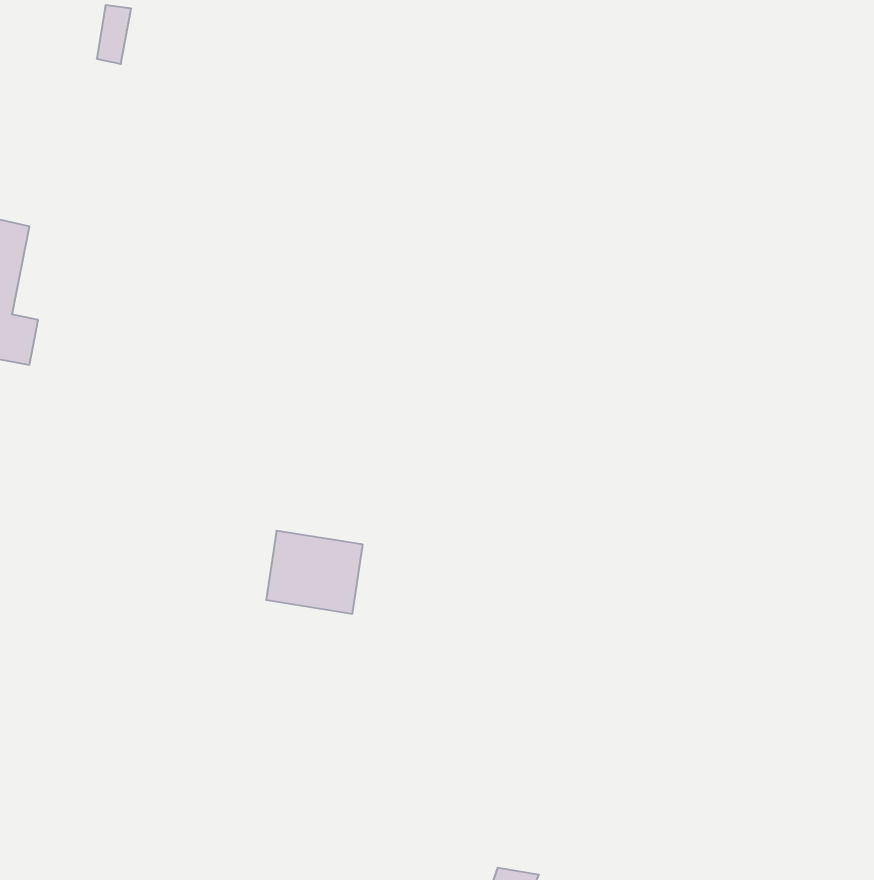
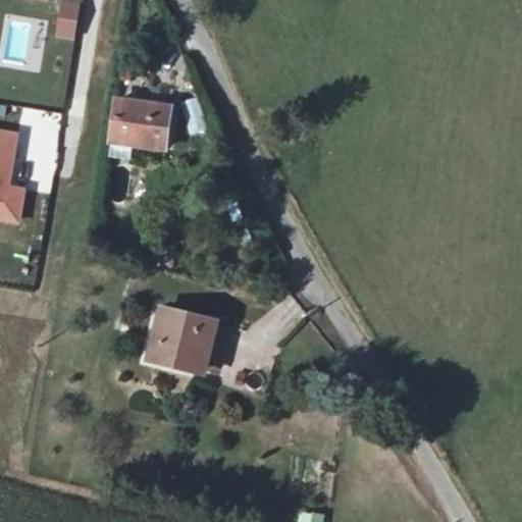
building: none -> [116,101,171,146]

